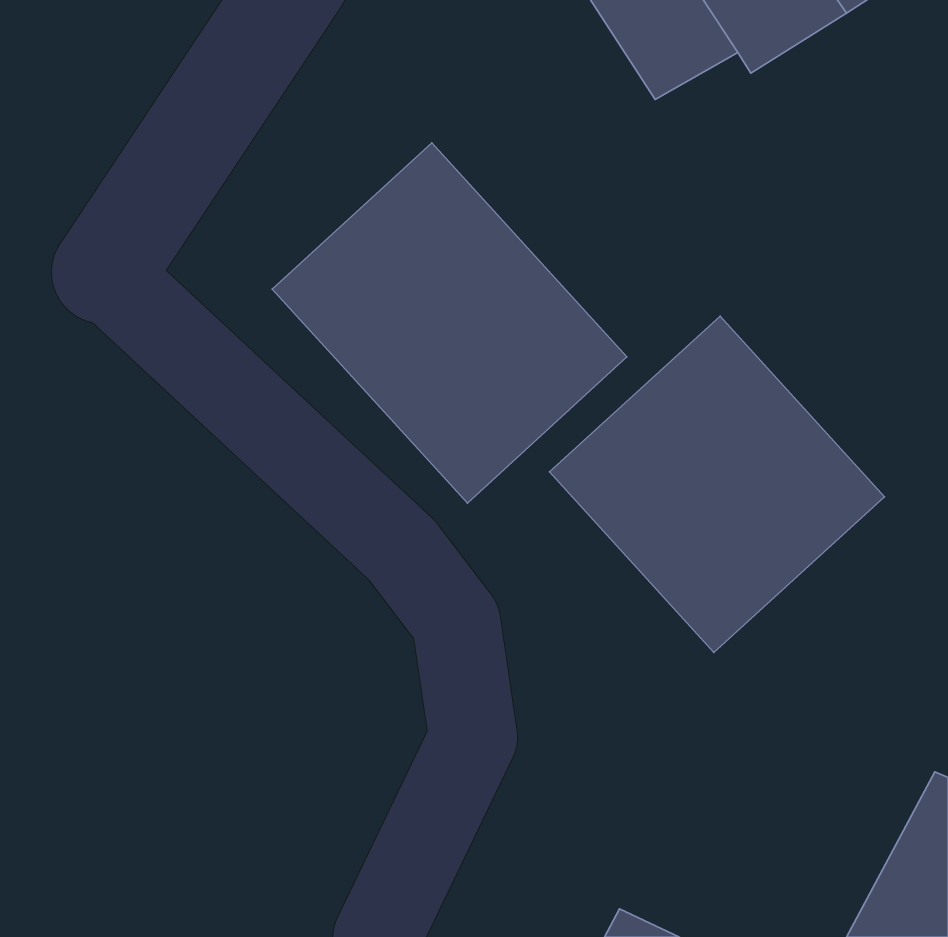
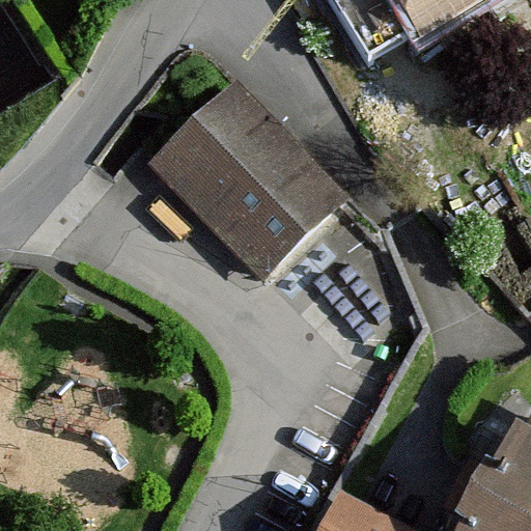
building: [550,316,884,653] -> none

